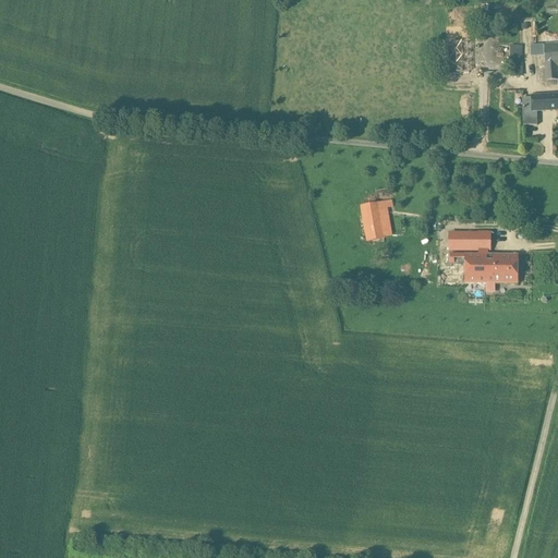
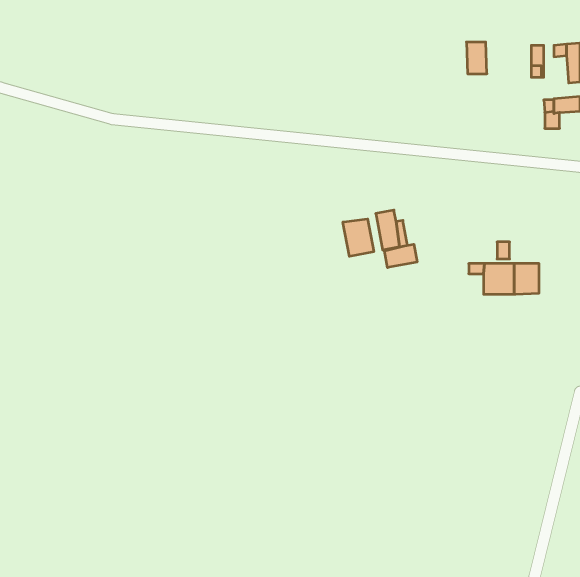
building: none -> [343,219,374,256]
building: [450,232,477,248] -> none
building: none -> [385,244,417,268]

